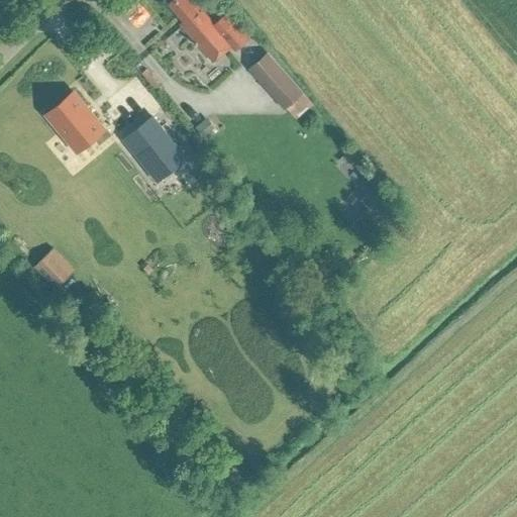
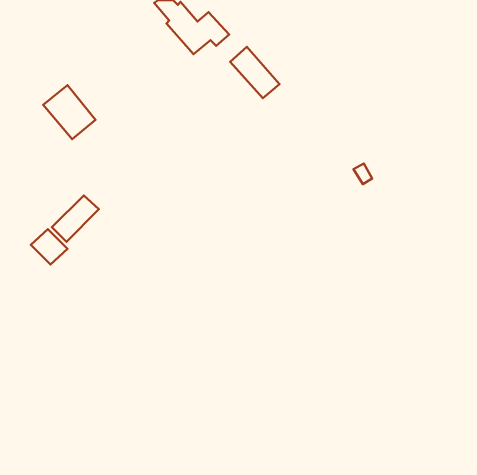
building: [123,115,185,180] -> none
building: none -> [52,195,99,242]

